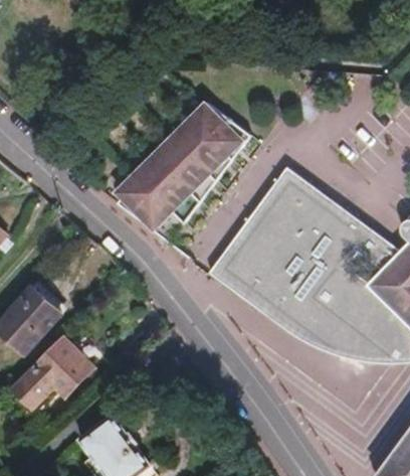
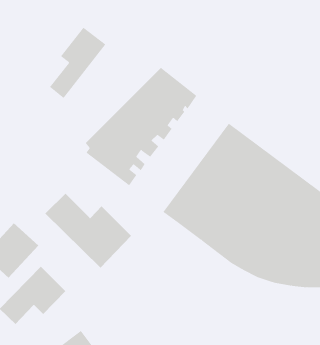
building: none -> [49,27,106,99]
building: none -> [44,193,132,268]

